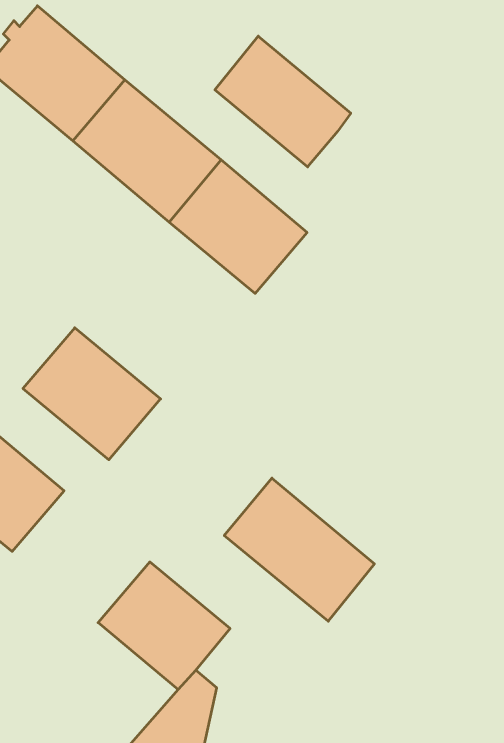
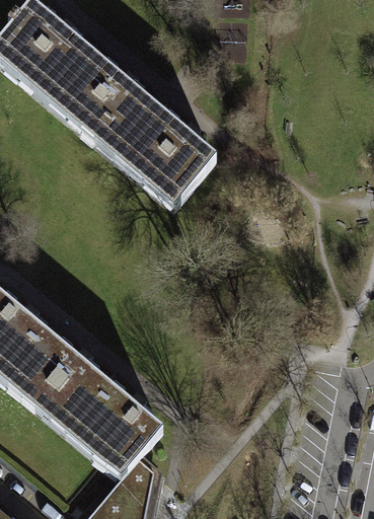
building: [215,36,351,167] -> none
building: [23,328,161,460] -> [12,340,106,430]
building: [224,478,374,621] -> none

